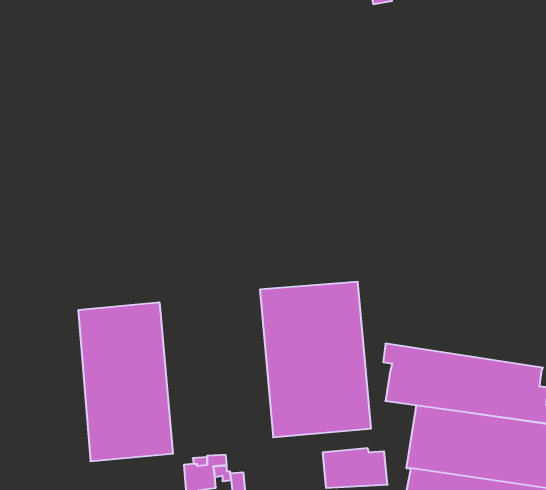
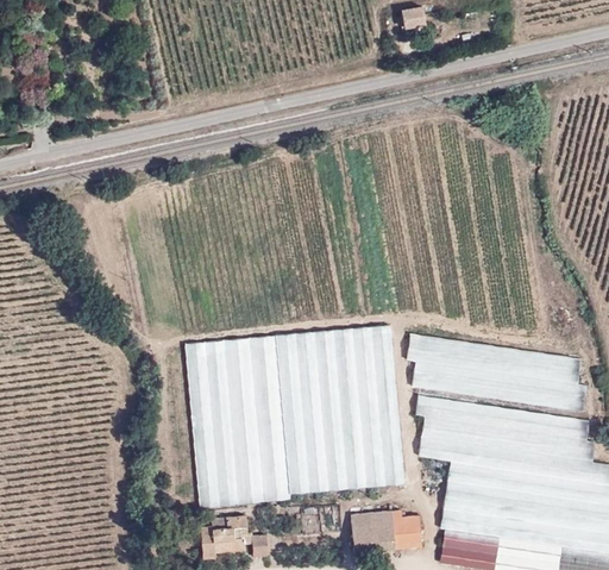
building: none -> [407,333,586,411]
building: [78,303,173,461] -> [187,334,289,506]

